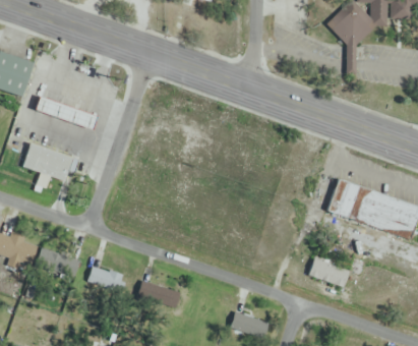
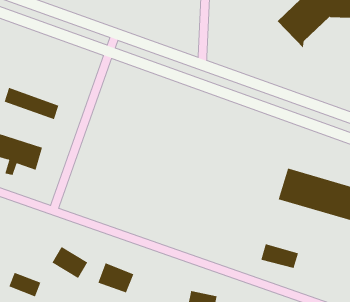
building: [45,250,79,277] -> [9,272,41,297]

